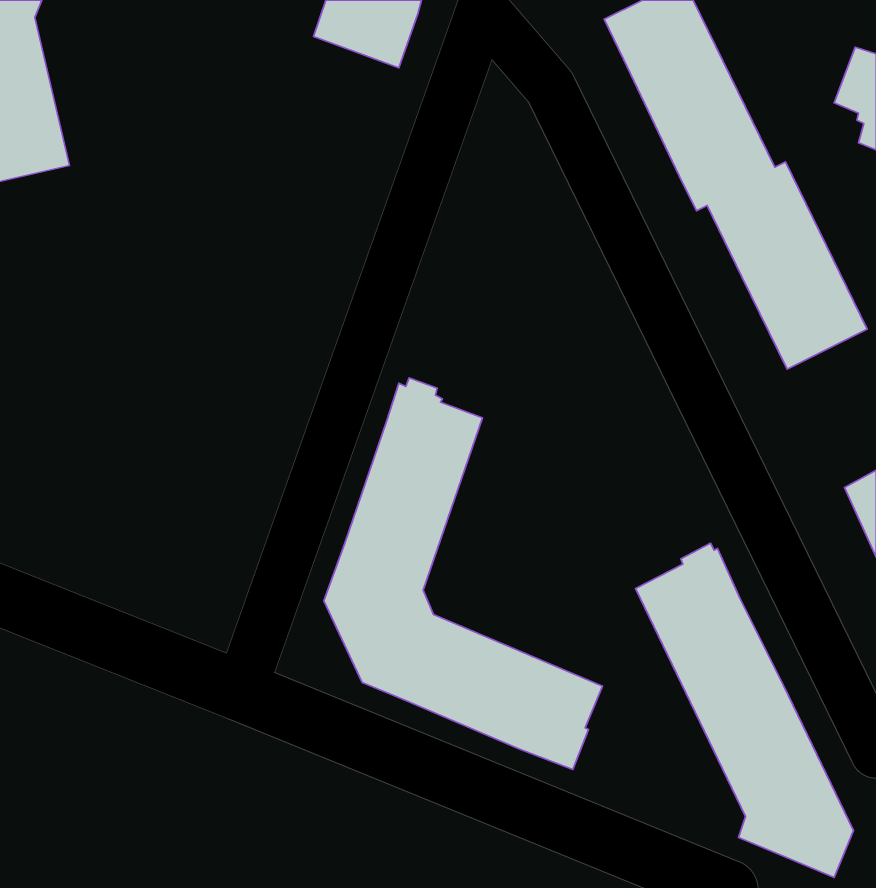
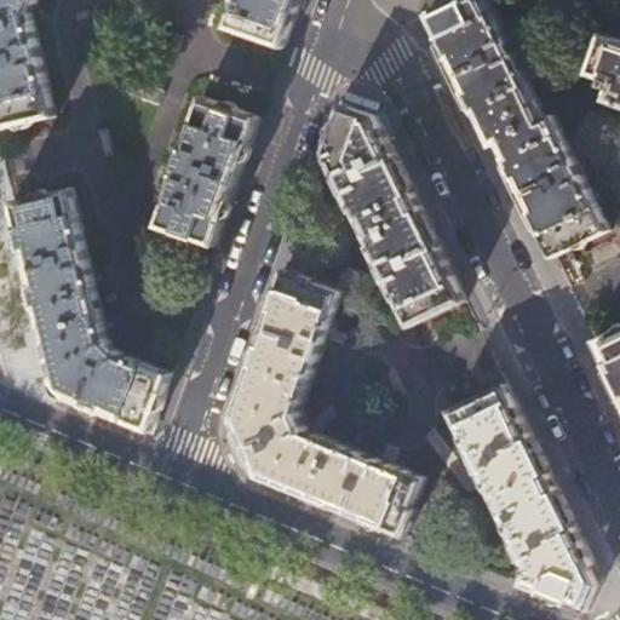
building: none -> [150,96,253,247]
building: none -> [317,104,459,327]
building: none -> [5,186,165,432]

